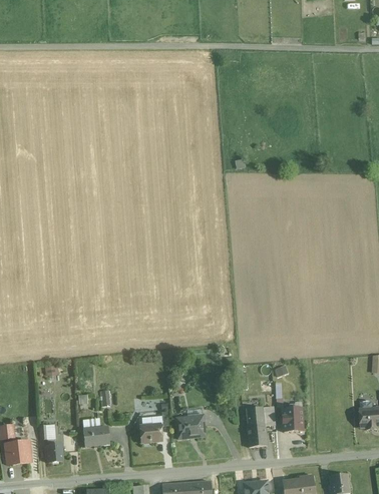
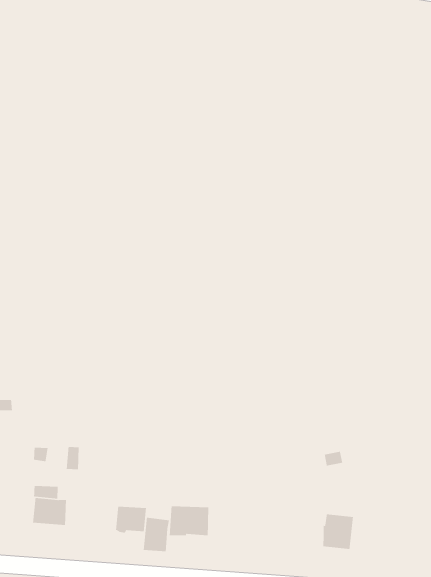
building: [248,407,268,446] -> none
building: none -> [143,517,170,552]

